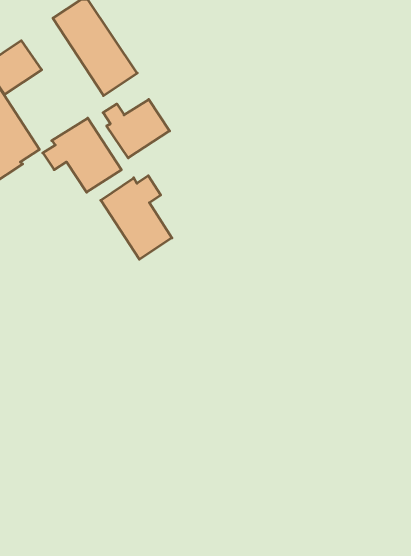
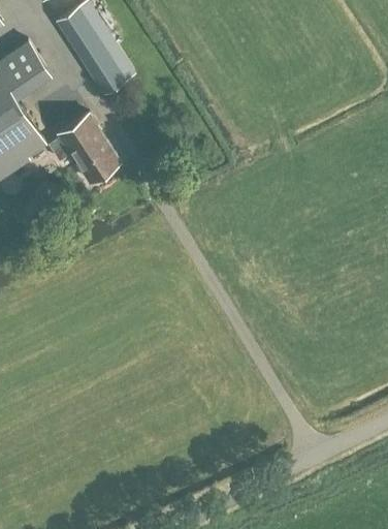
building: [103,99,170,158] -> none
building: [101,176,172,259] -> none

